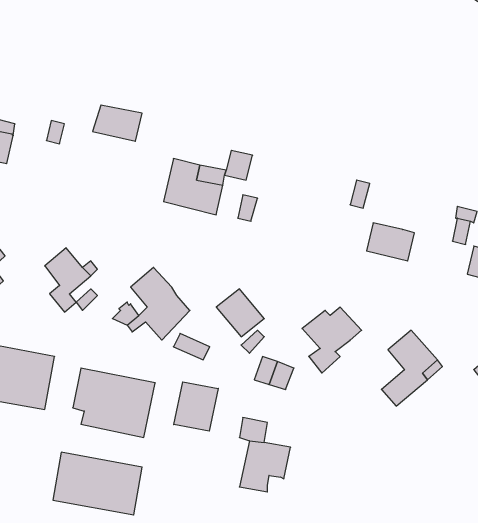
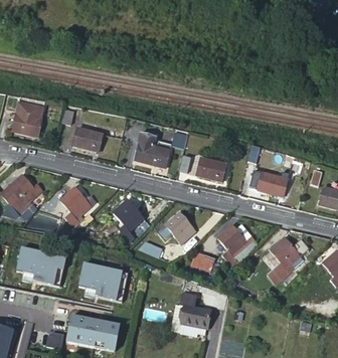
building: [93,105,142,141] -> [72,128,103,150]
building: none -> [196,157,226,180]
building: [174,382,218,431] -> none

